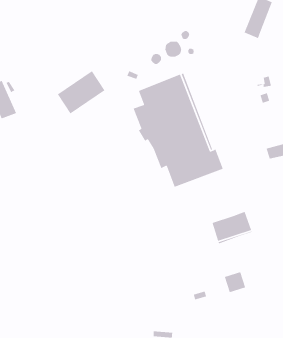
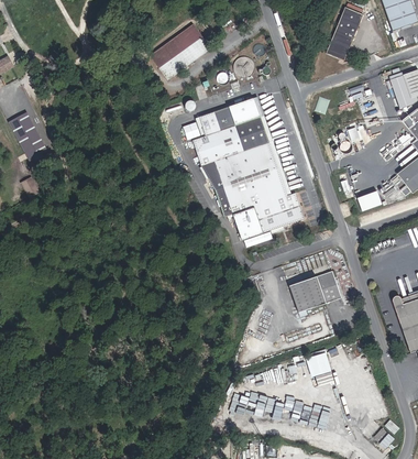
building: [57,70,105,115] -> [148,22,209,77]

